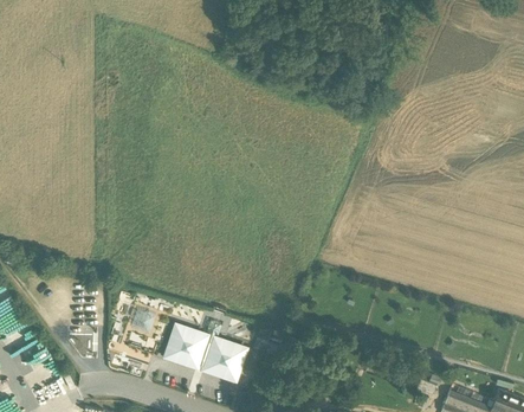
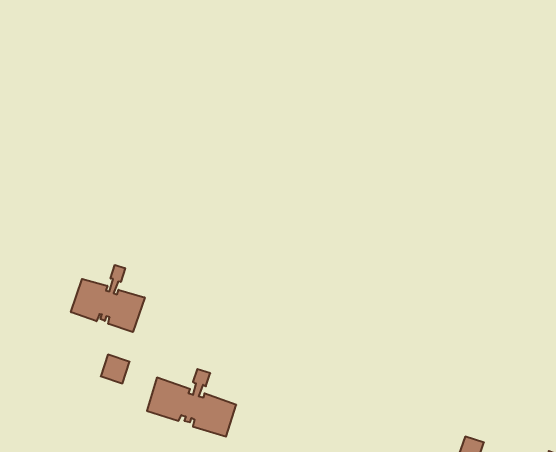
building: none -> [71,265,145,332]

